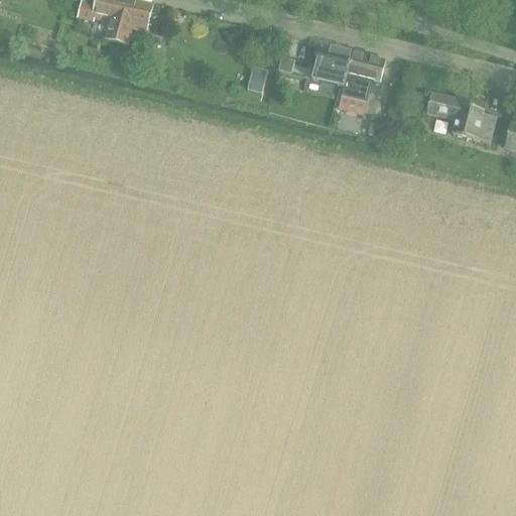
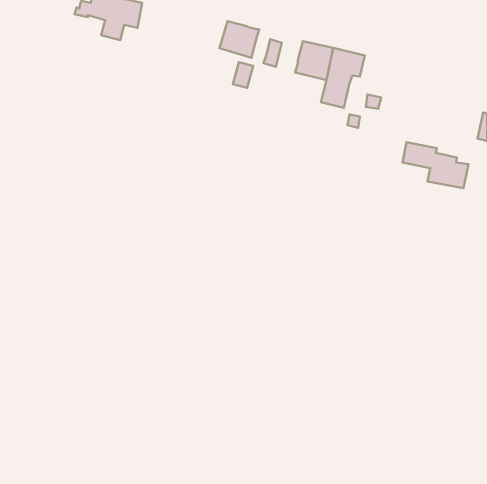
building: none -> [220,21,259,58]
building: [426,92,496,140] -> [403,142,468,188]

